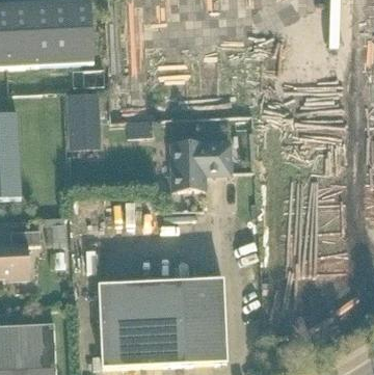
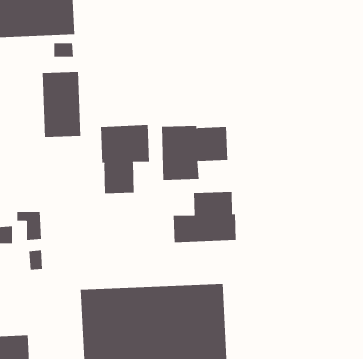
building: none -> [101,124,149,194]
building: none -> [173,191,236,243]

